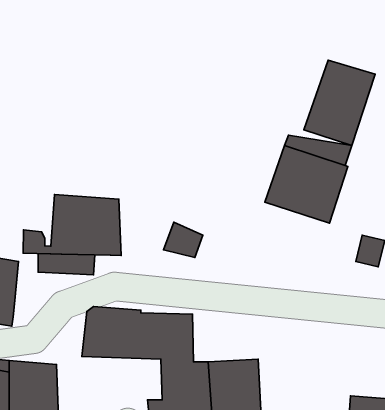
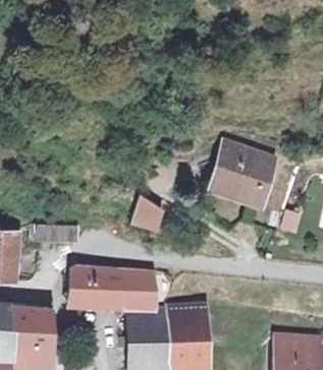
building: [304,60,375,146] -> none
building: [23,195,121,256] -> none

